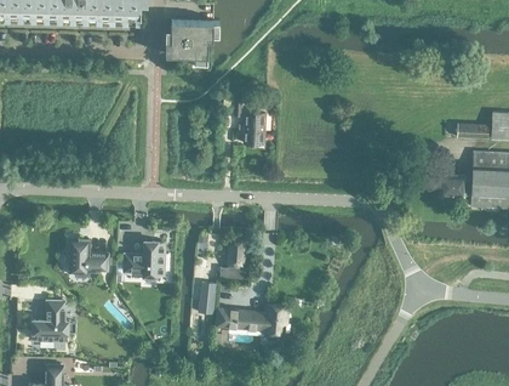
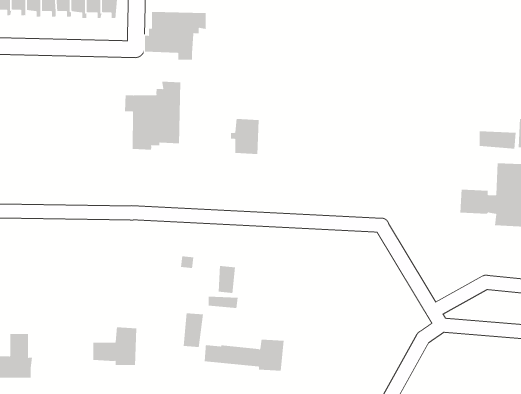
building: none -> [124,81,181,151]
building: [69,238,108,272] -> none
building: [125,240,164,274] -> [93,327,137,366]

